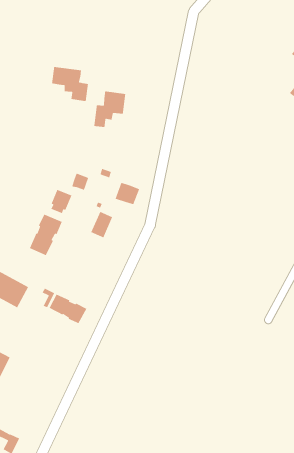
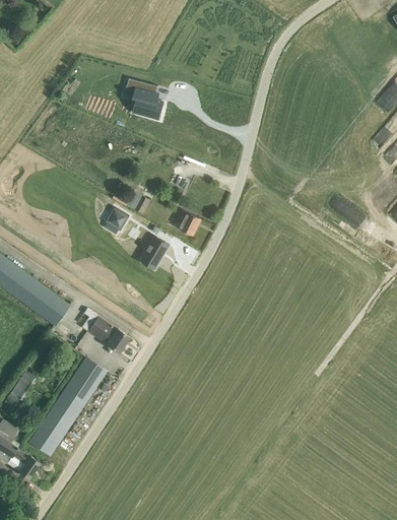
building: [92,91,126,128] -> none
building: [29,214,63,256] -> none
building: none -> [28,356,106,455]

